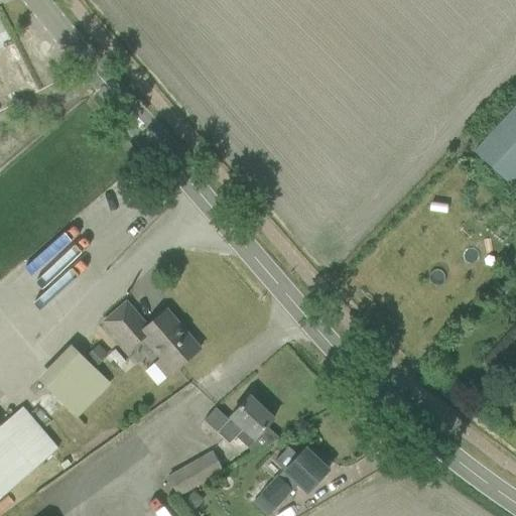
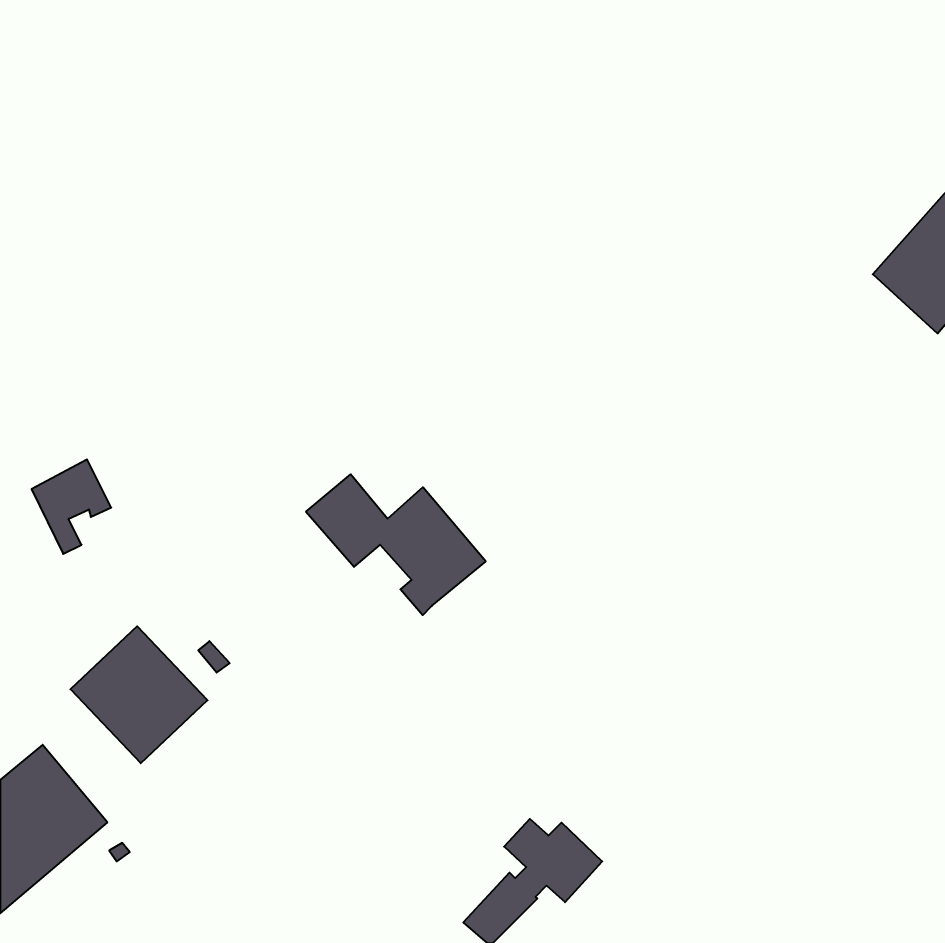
building: [103,301,201,378] -> [306,474,486,615]
building: [205,395,274,445] -> none
building: [169,452,223,495] -> none

